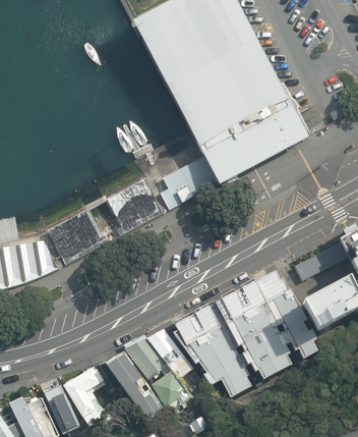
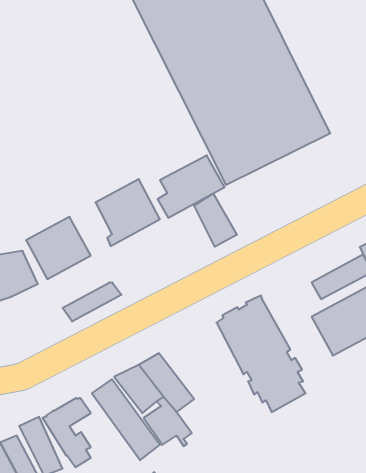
building: none -> [194,193,237,247]
building: none -> [63,282,122,322]
building: [251,270,316,359] -> none
building: [170,302,249,397] -> none

